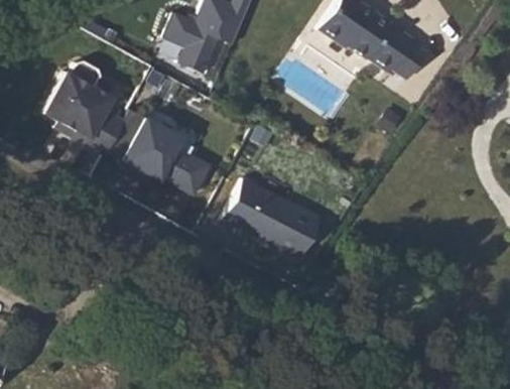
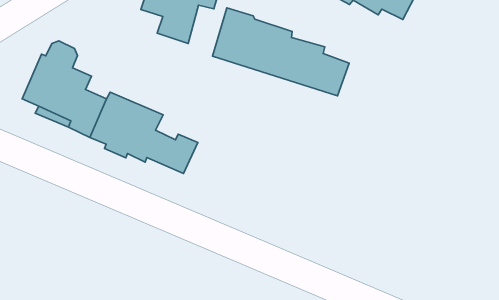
building: none -> [213,8,349,96]
building: [222,177,317,258] -> none

